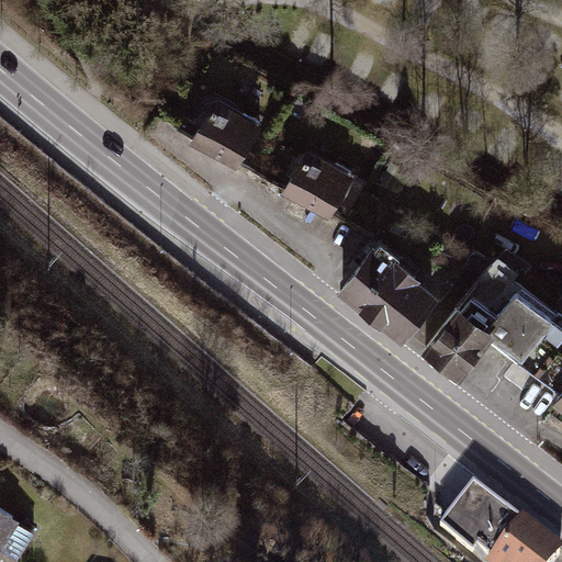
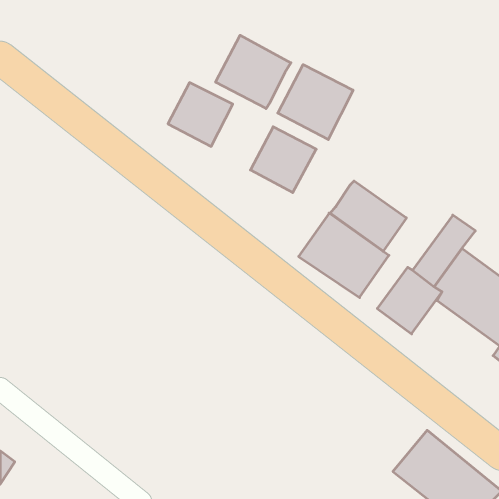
building: none -> [216,35,291,109]
building: none -> [278,65,353,140]
building: none -> [330,181,406,251]

